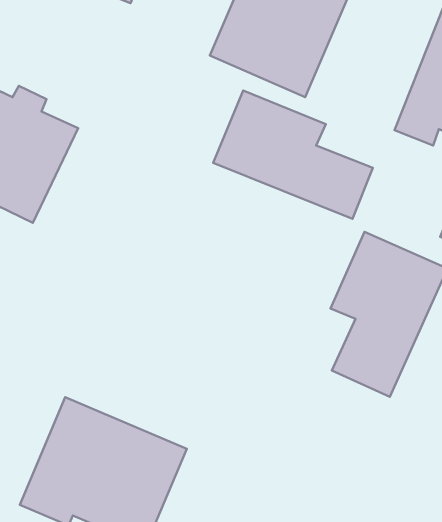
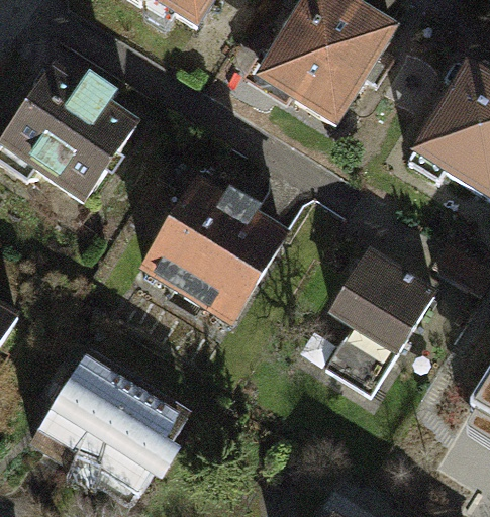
building: [213,90,373,219] -> none
building: none -> [141,179,283,319]

